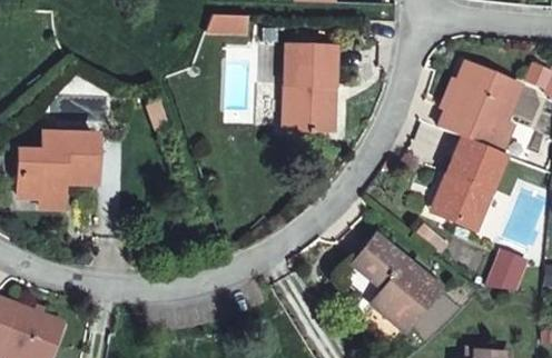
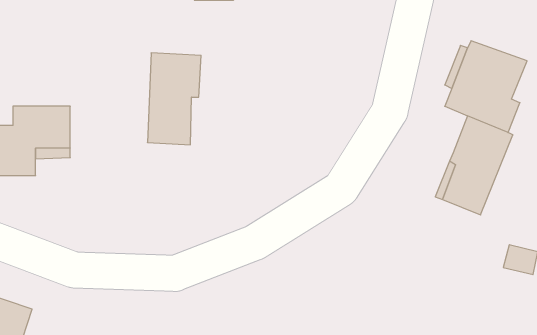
building: [288,49,338,135] -> [147,53,201,145]
building: [355,235,436,325] -> none

